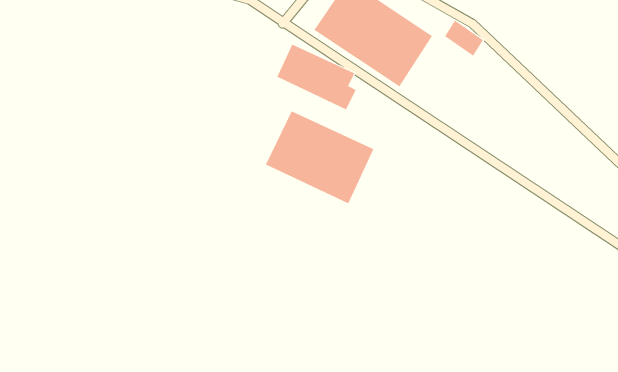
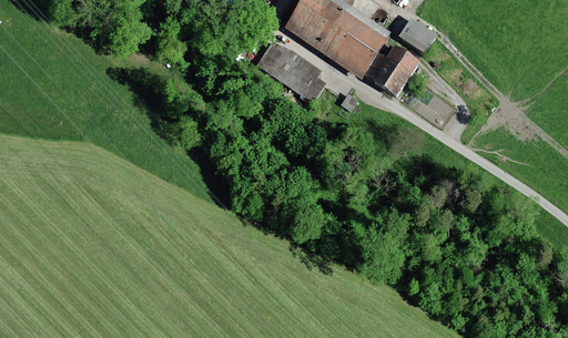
building: none -> [365,48,418,98]
building: [265,111,374,204] -> none

